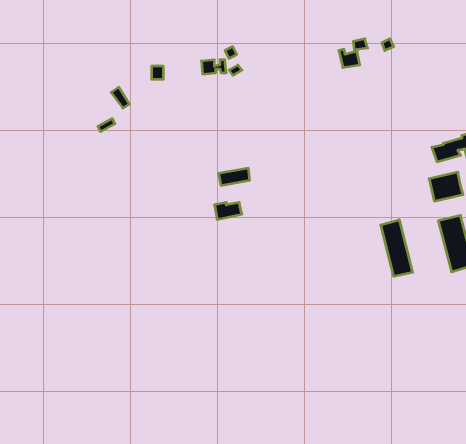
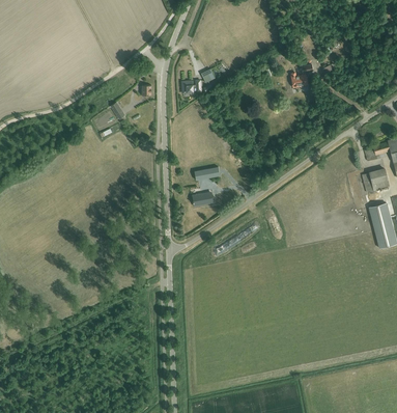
building: [381,220,413,276] -> none

